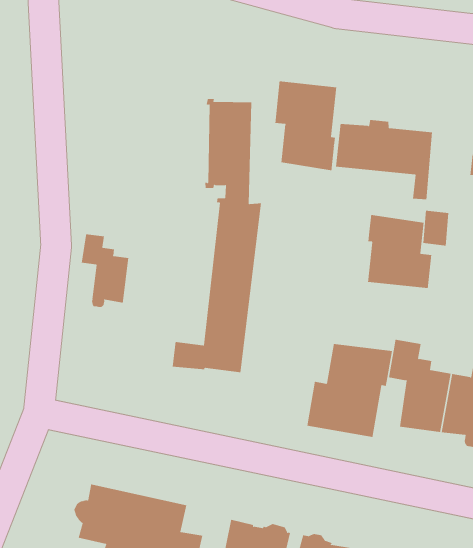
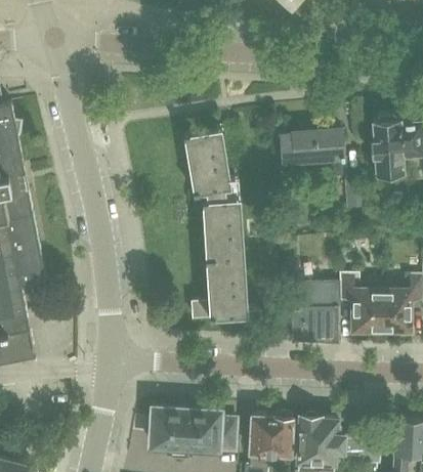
building: [275,81,337,171] -> none
building: [368,214,432,289] -> none
building: [81,234,129,308] -> none

